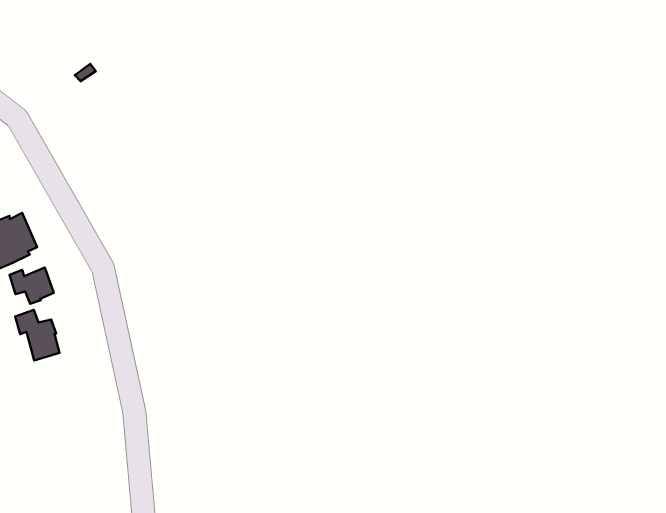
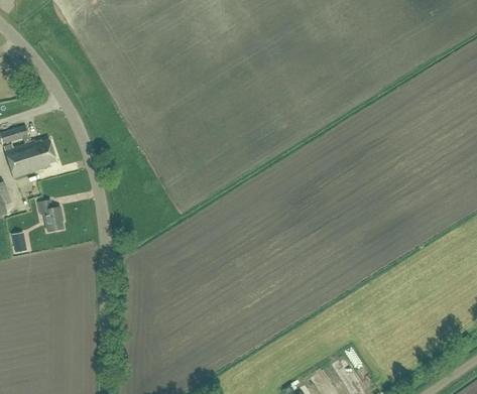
building: [9,268,54,304] -> none

